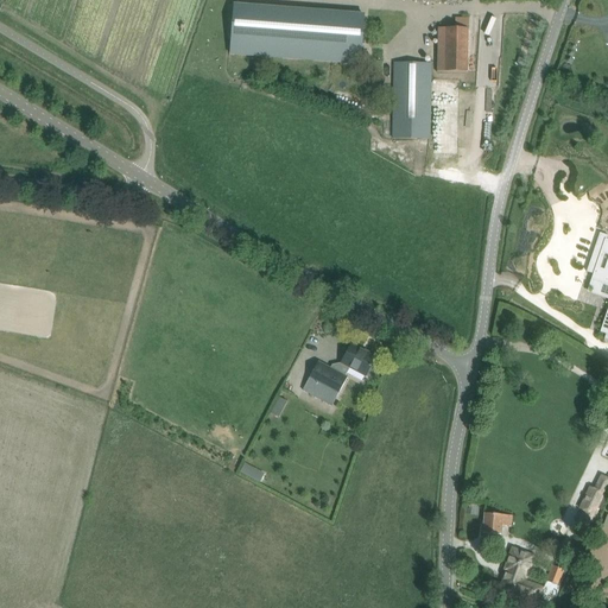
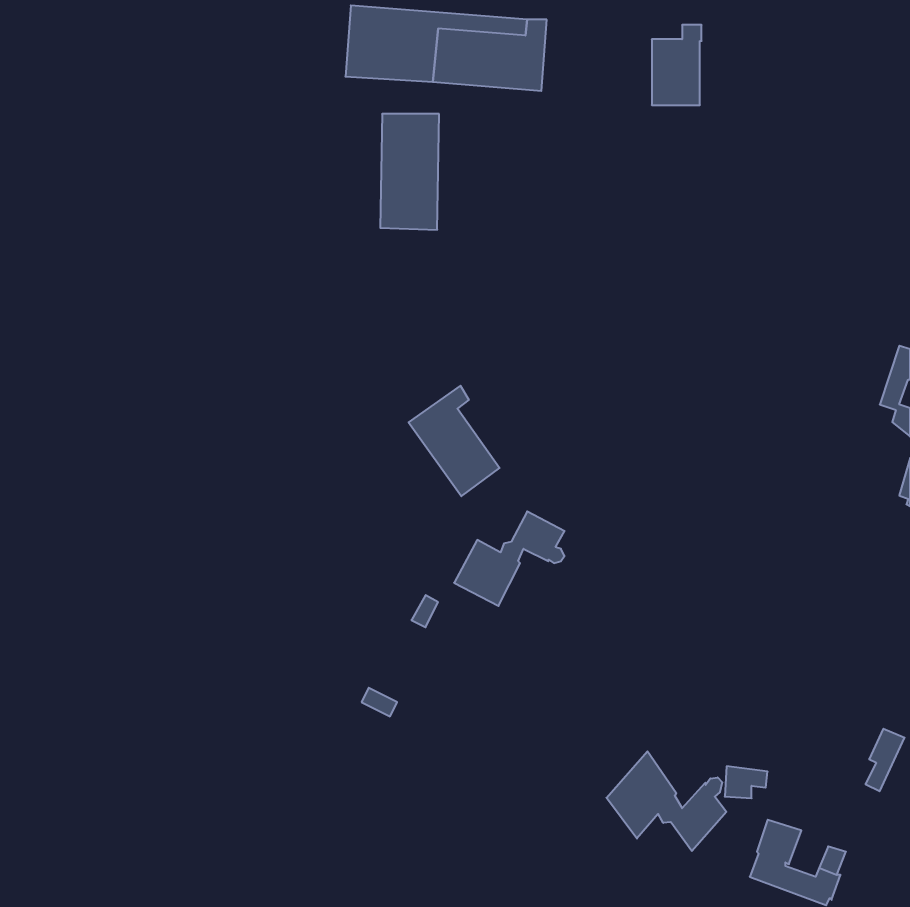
building: [392,61,431,138] -> [380,114,439,230]
building: none -> [409,386,500,496]
building: none -> [606,751,726,851]

